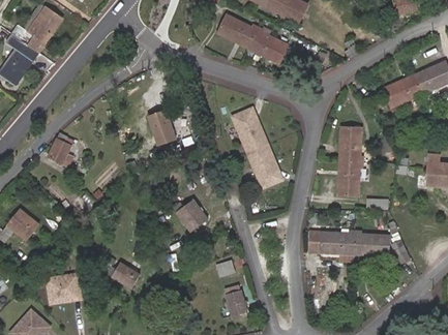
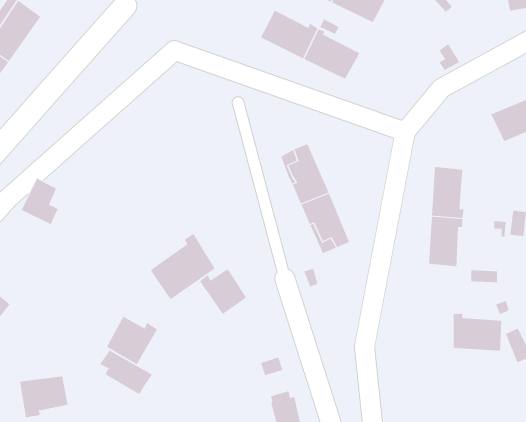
building: [148,109,176,145] -> none
building: none -> [150,233,215,300]
building: [309,229,355,254] -> none
building: none -> [106,316,158,365]

